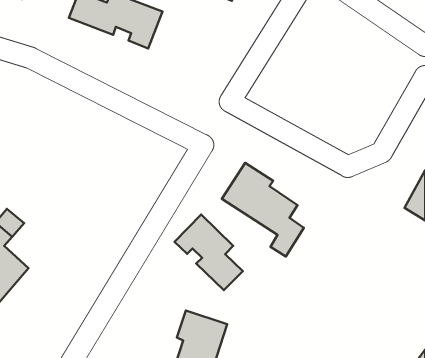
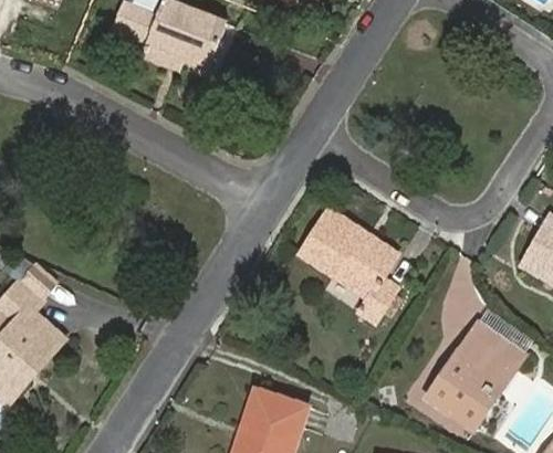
building: [175,215,243,290] -> none
building: none -> [427,322,524,428]

